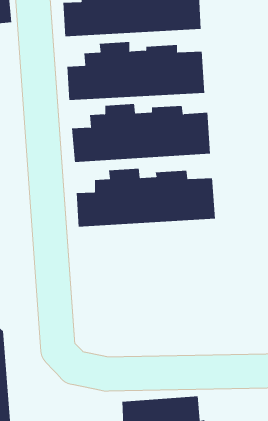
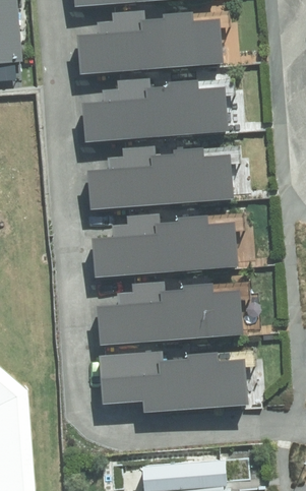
building: none -> [99,282,247,345]
building: none -> [99,352,250,413]

